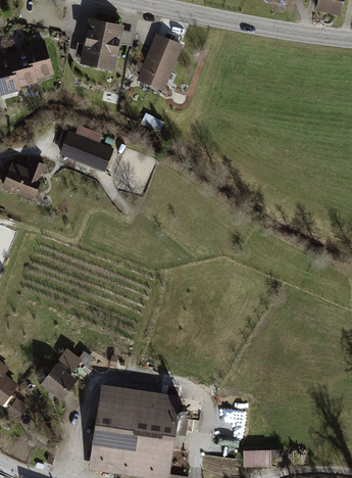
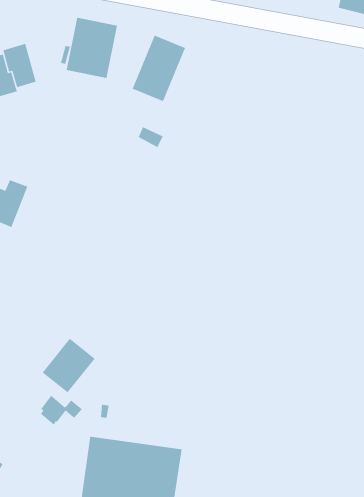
building: [59,127,113,172] -> none
building: none -> [42,338,95,393]
building: [39,362,77,399] -> none

